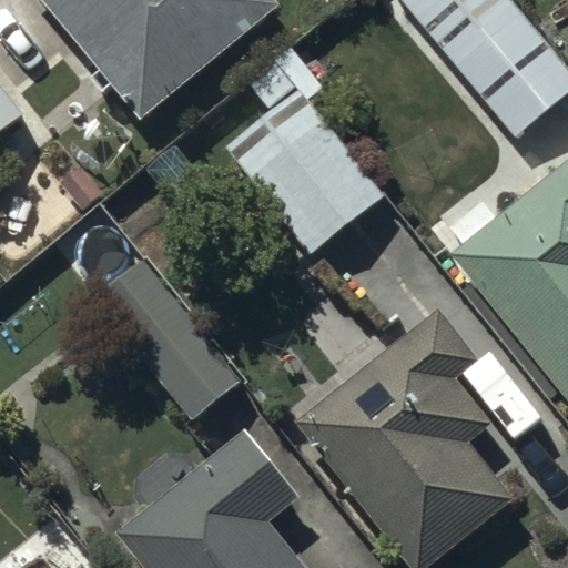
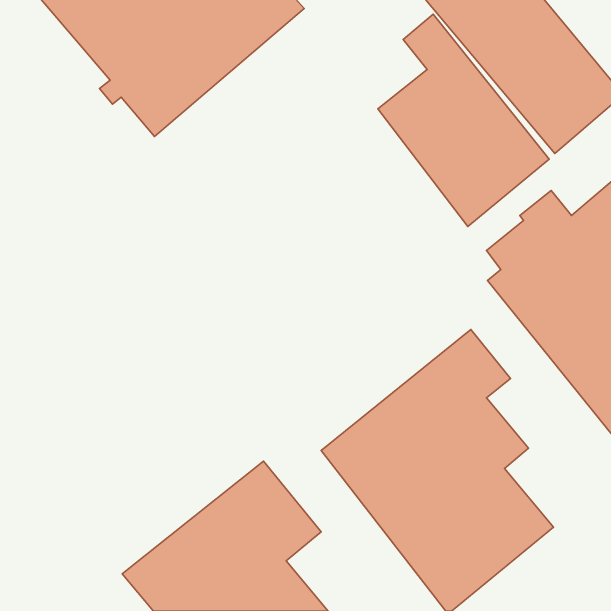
building: [229,64,387,261] -> [378,14,549,226]
building: [93,255,241,417] -> none

